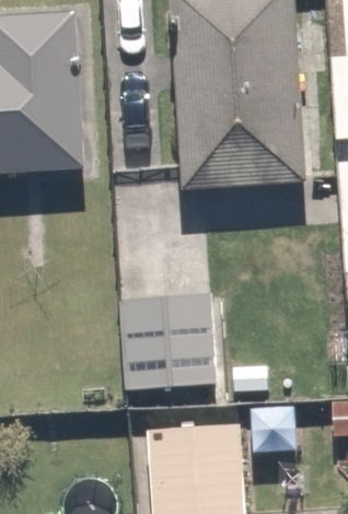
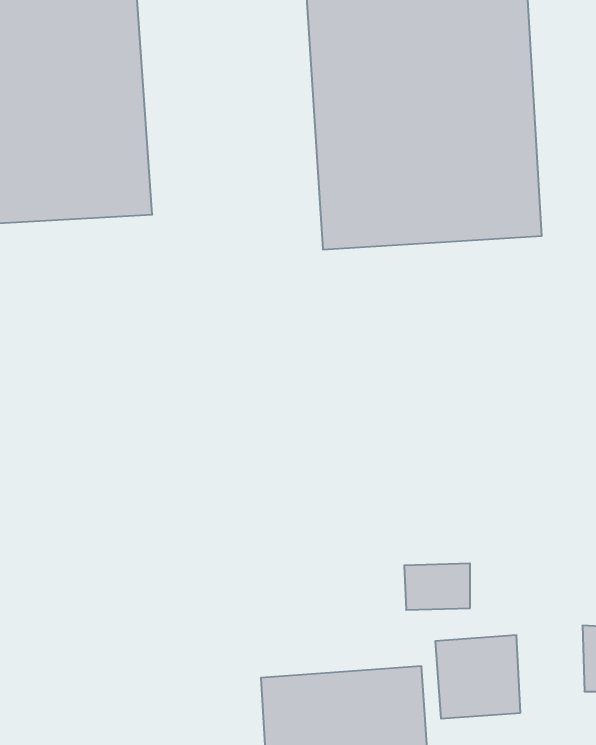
building: [118,292,217,389] -> none

